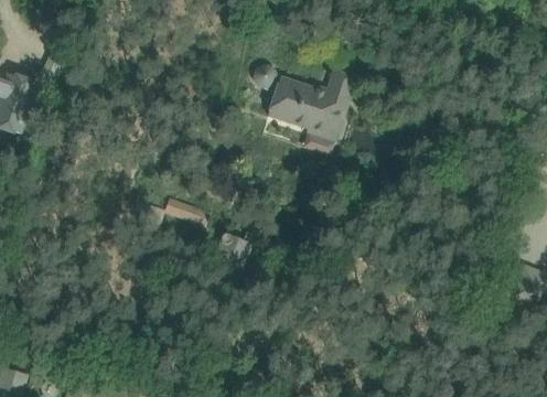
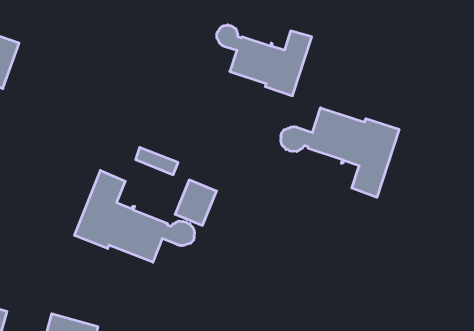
building: none -> [281,108,399,197]
building: none -> [75,170,195,262]

